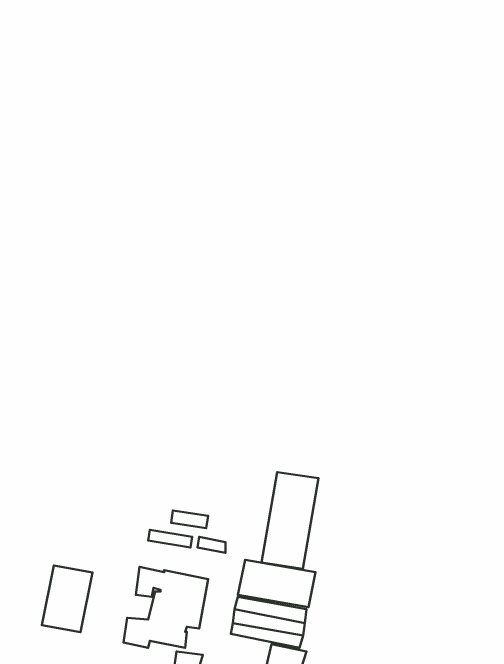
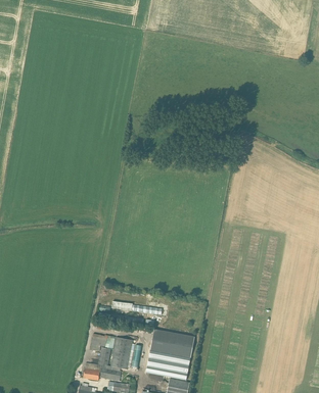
building: [261,472,319,569] -> none
building: [42,566,93,632] -> none

